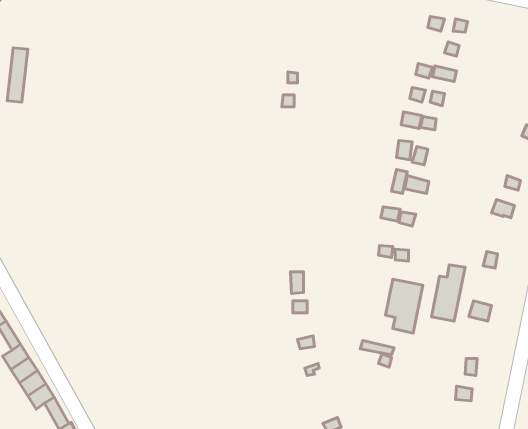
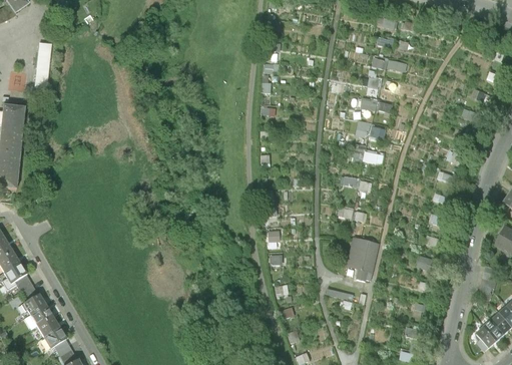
building: [431,265,465,321] -> none

